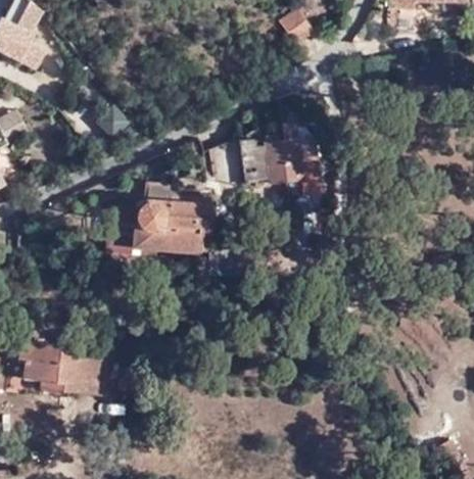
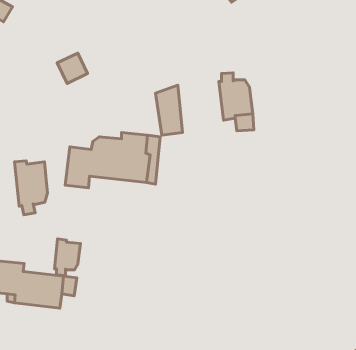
building: [240,132,286,185] -> none
building: none -> [14,161,47,215]
building: none -> [54,239,80,276]

